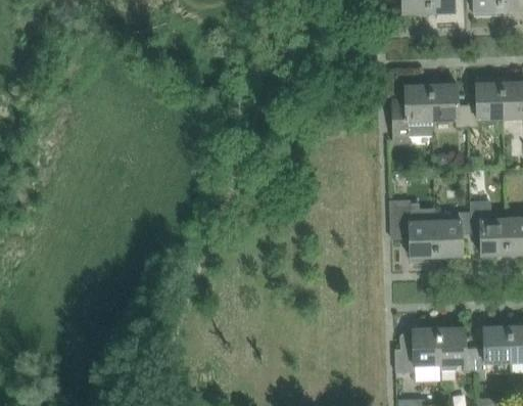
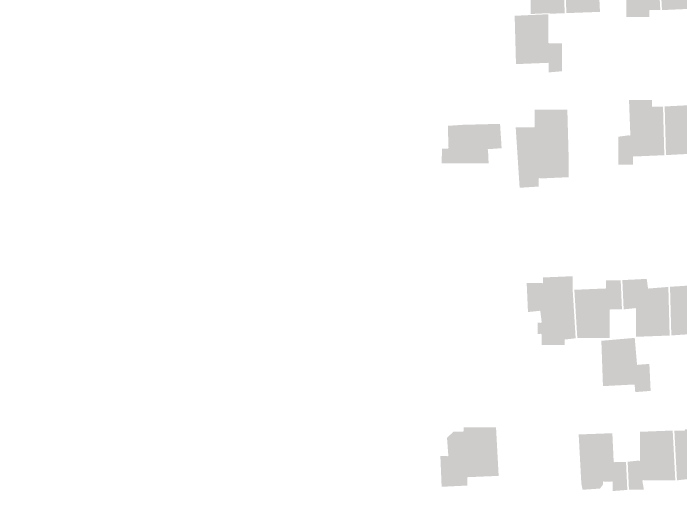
building: [431,84,468,128] -> [514,14,563,73]
building: none -> [441,123,502,164]
building: none -> [601,337,651,393]
building: [395,328,440,373] -> [439,427,500,487]

